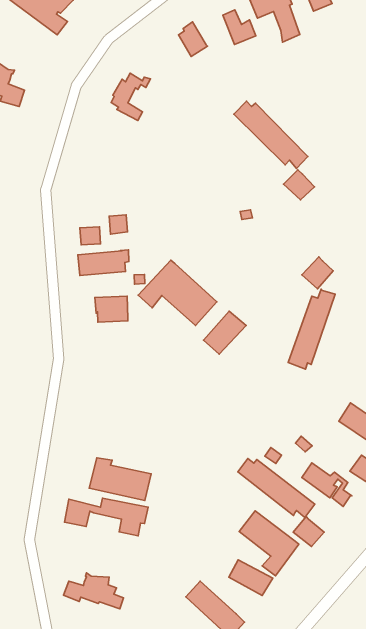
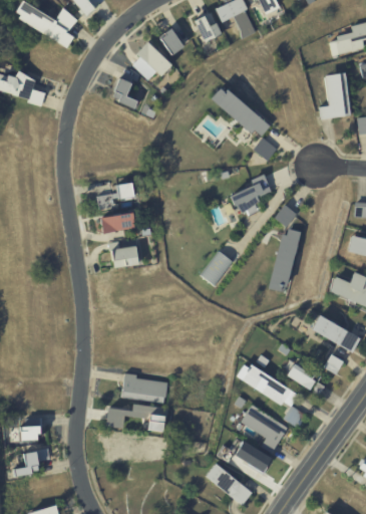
building: none -> [135,40,170,75]
building: none -> [228,173,272,212]
building: [138,260,217,325] -> none
building: [64,573,123,609] -> none

